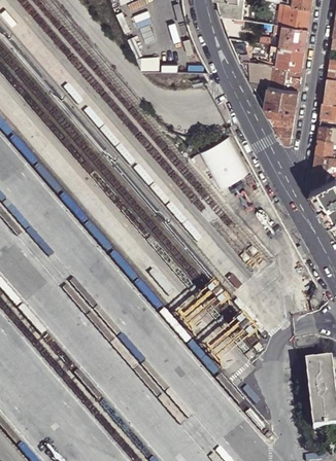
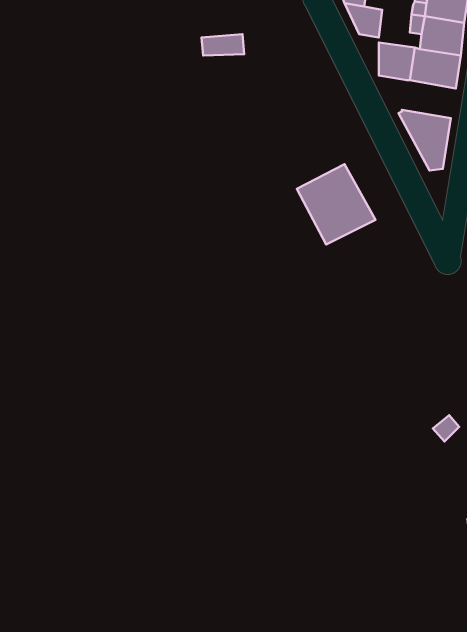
building: [250,82,299,109] -> none

